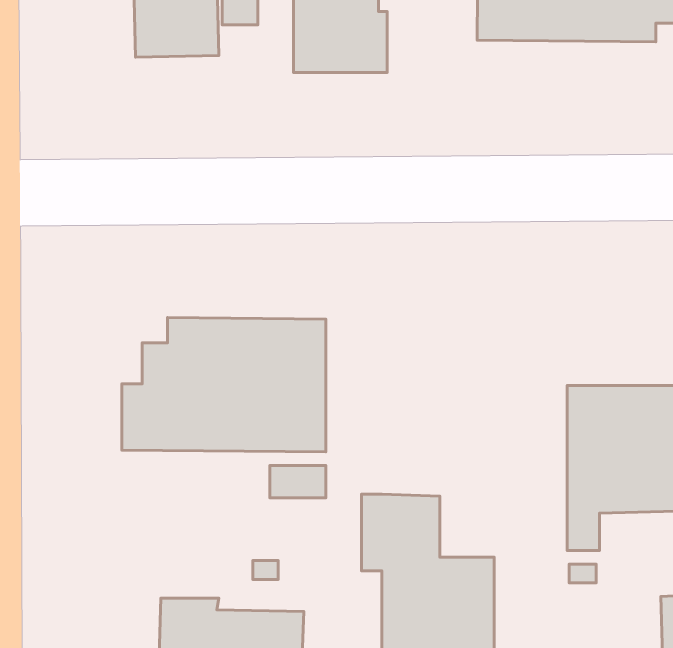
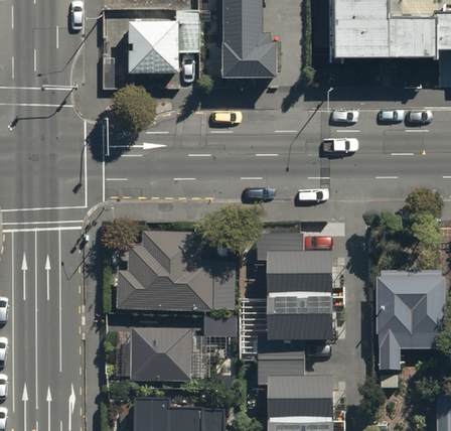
building: none -> [259,232,337,335]
building: none -> [132,325,192,379]

